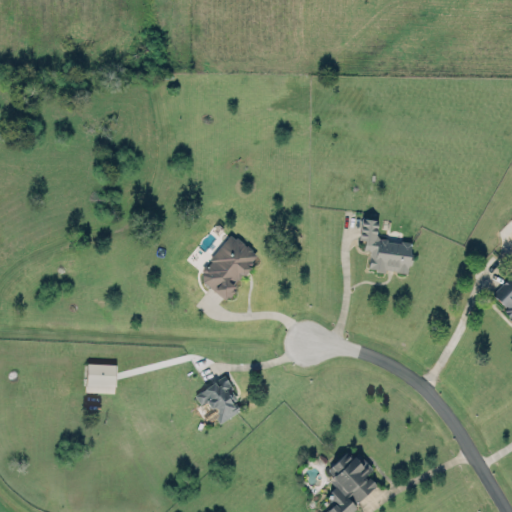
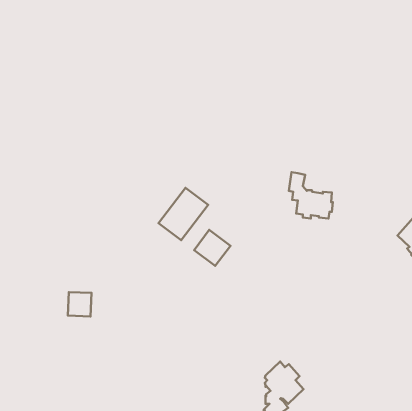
building: none -> [194,230,230,266]
building: [194,378,243,424] -> none

